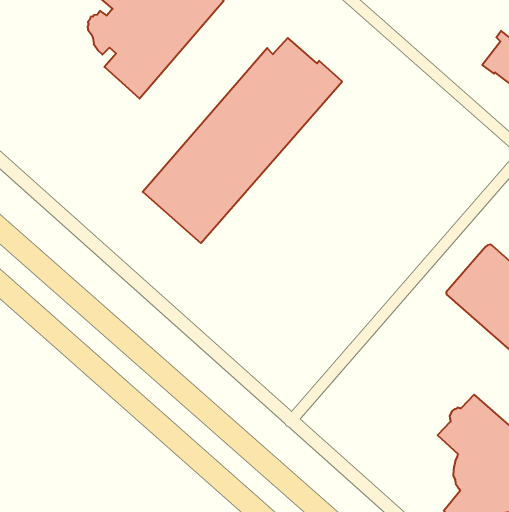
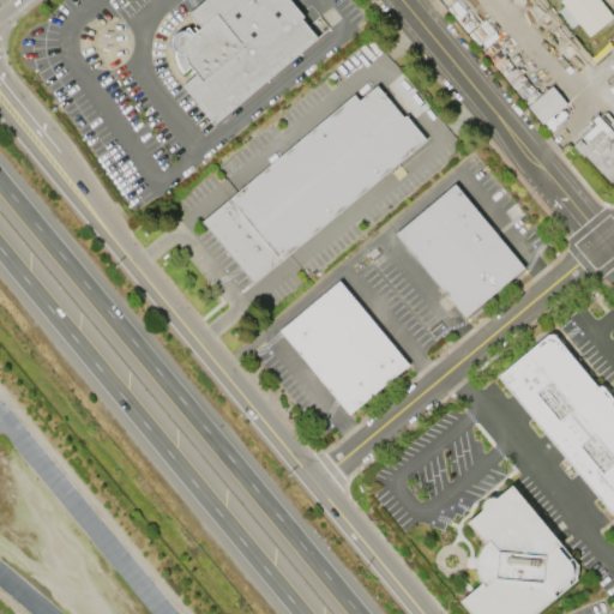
building: none -> [530,86,570,124]
building: none -> [396,183,525,318]
building: none -> [281,281,409,414]

